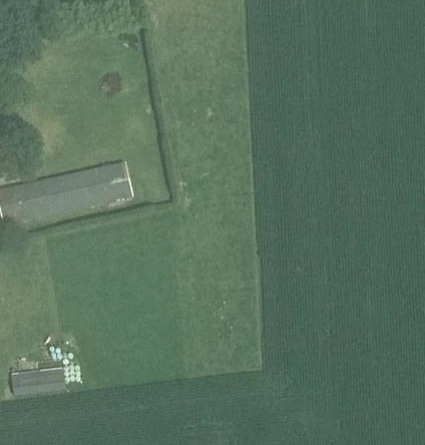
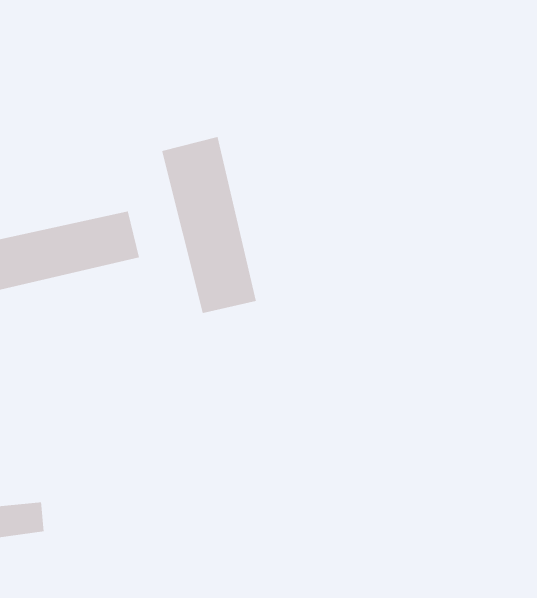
building: none -> [162,136,256,314]

